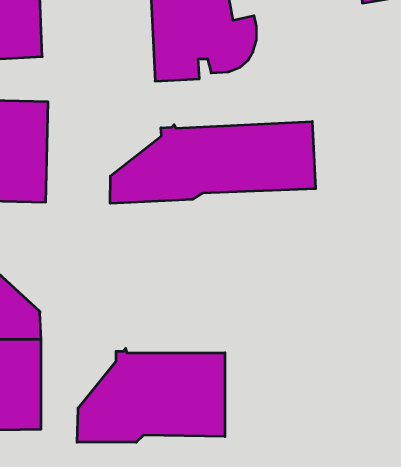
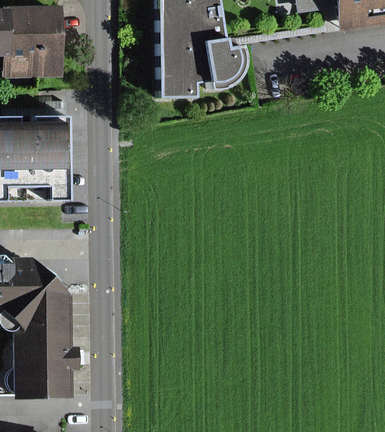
building: [110,121,316,203] -> none
building: [77,348,225,442] -> none

